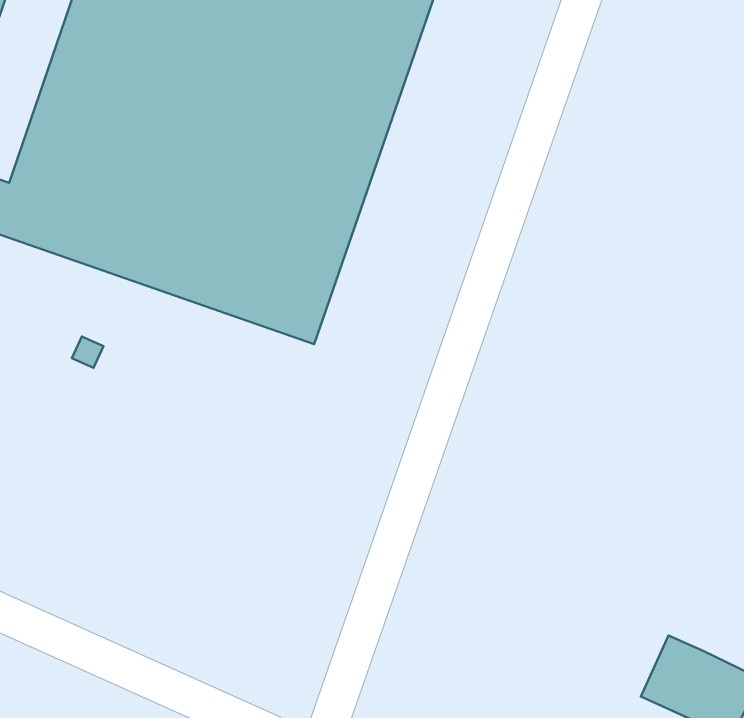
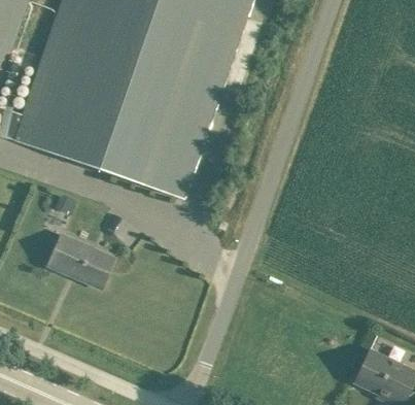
building: none -> [47,235,112,289]

